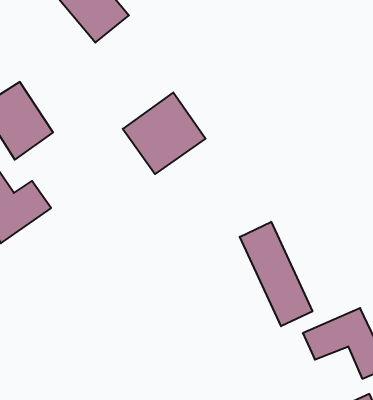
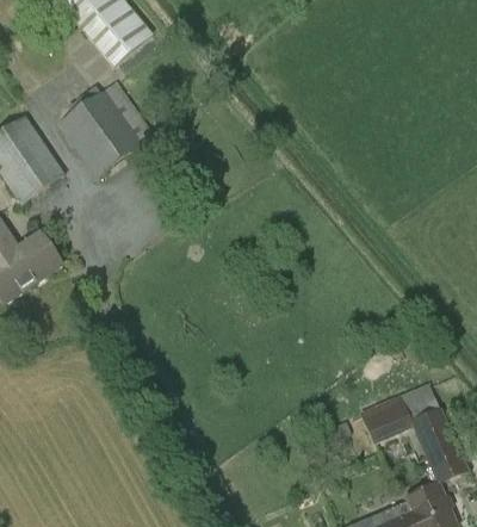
building: [123,92,206,174] -> [57,80,155,176]
building: [240,222,312,326] -> none

